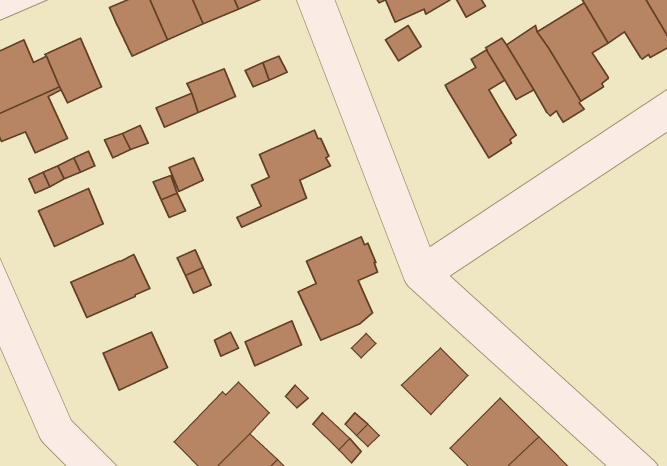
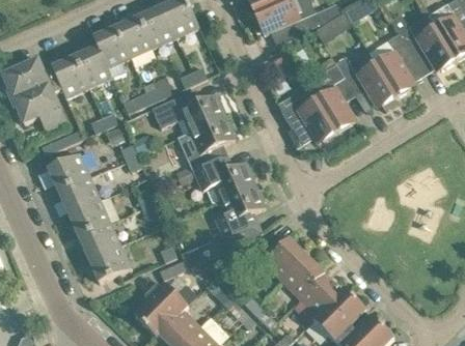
building: none -> [74,46,111,87]
building: none -> [151,88,224,131]
building: none -> [276,90,336,142]
building: none -> [177,158,254,199]
building: none -> [57,175,99,212]
building: none -> [78,222,119,258]
building: none -> [264,237,305,279]
building: none -> [299,272,340,314]

